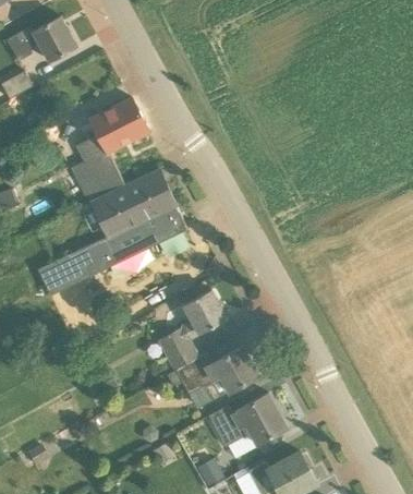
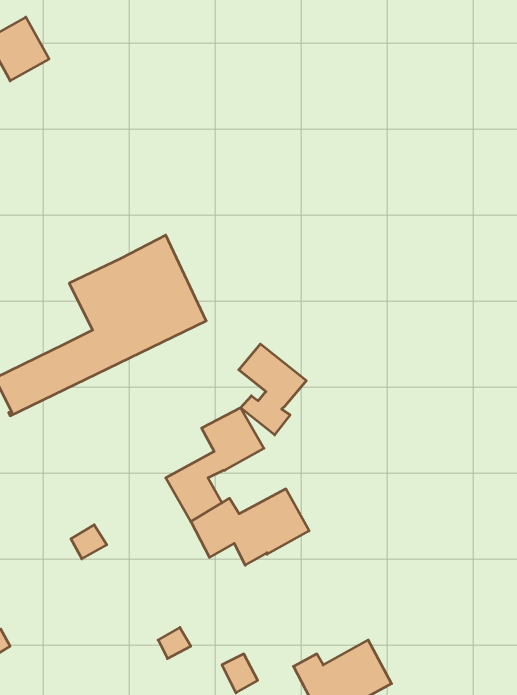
building: [76,97,149,202] -> none
building: none -> [239,344,306,435]
building: [208,393,287,446] -> none

